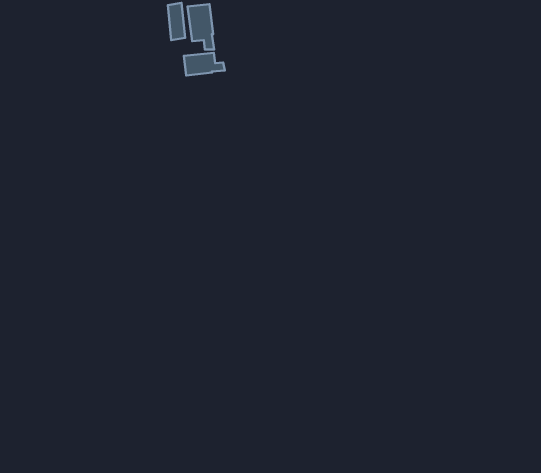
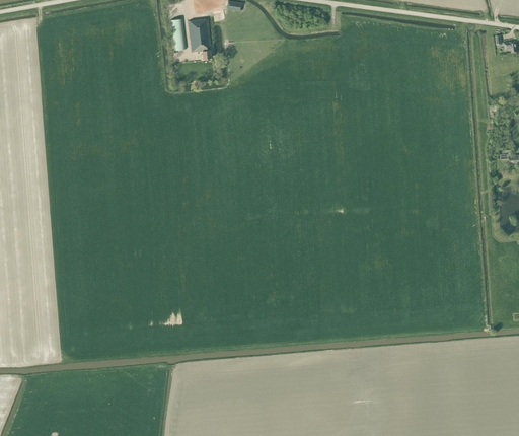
building: [184,53,225,75] -> none

